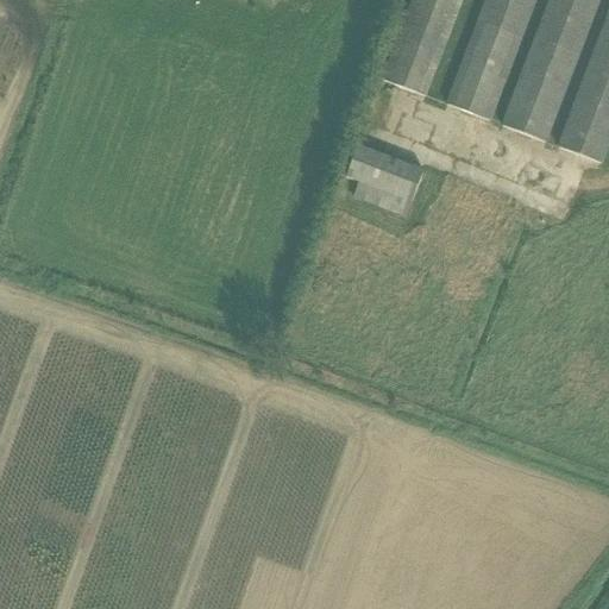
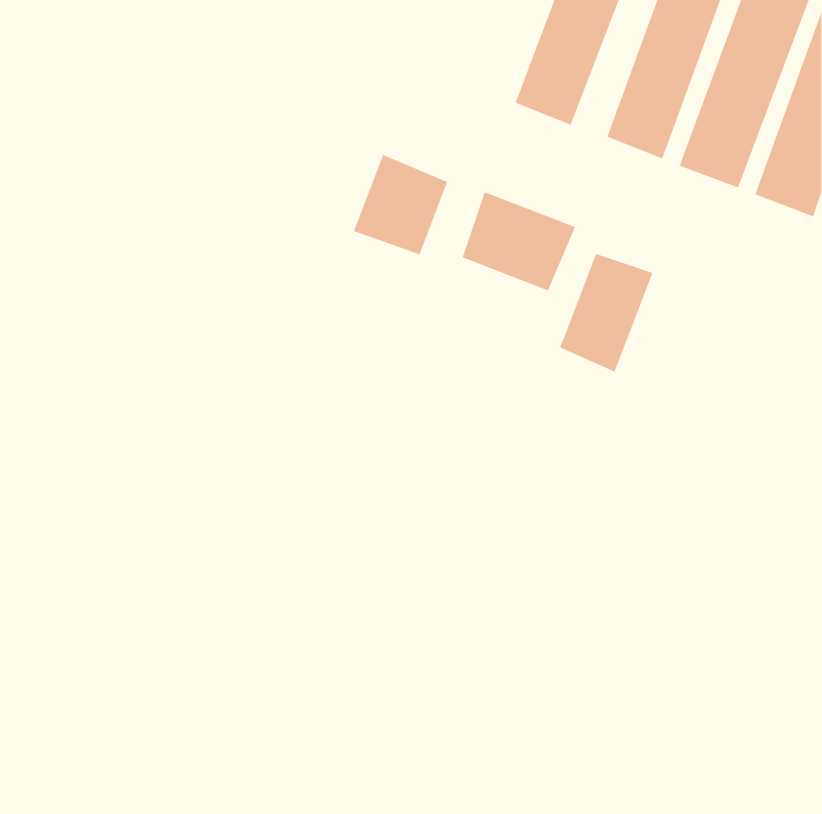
building: none -> [353,154,448,255]
building: none -> [560,253,653,372]

